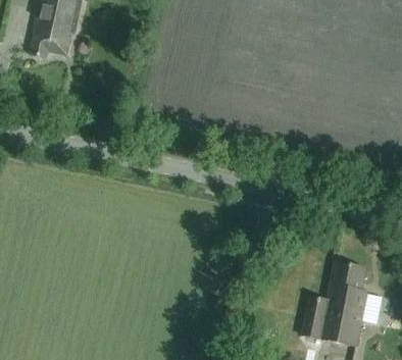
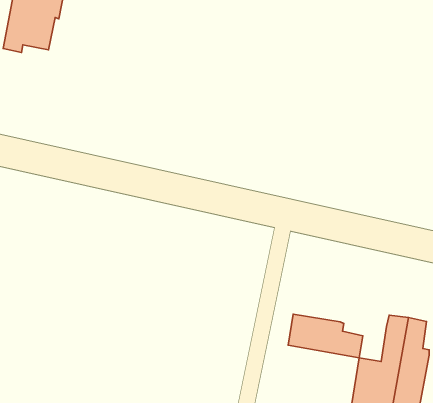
building: none -> [288,314,363,358]

